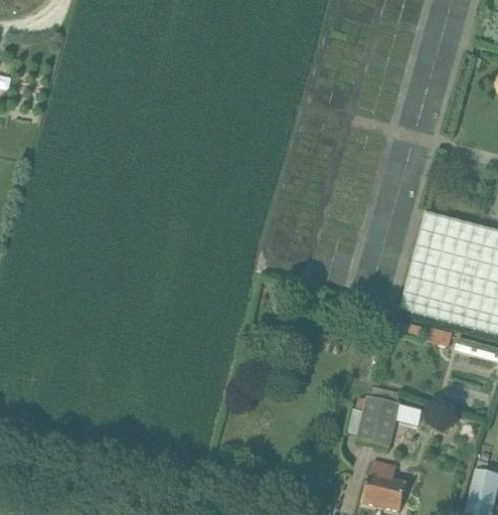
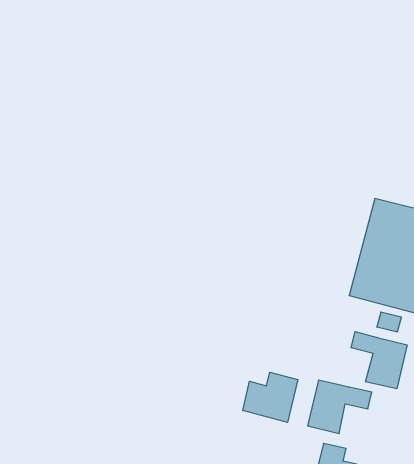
building: none -> [351,332,407,389]
building: none -> [243,372,298,422]

